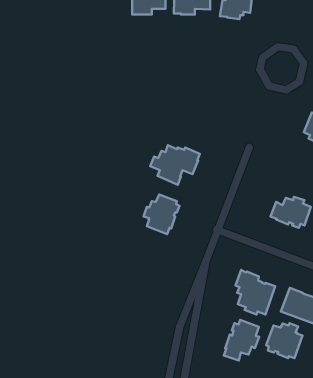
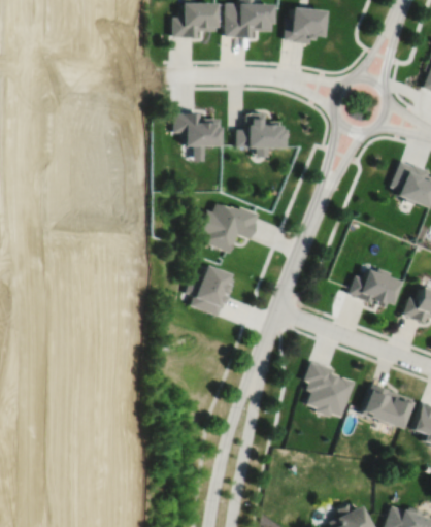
building: none -> [175,112,220,161]
building: none -> [238,112,286,157]
building: [224,320,259,360] -> none
building: [266,323,302,358] -> none

